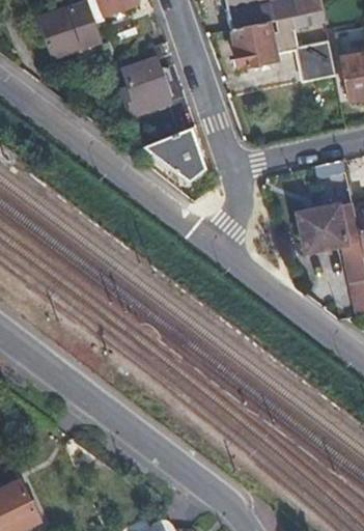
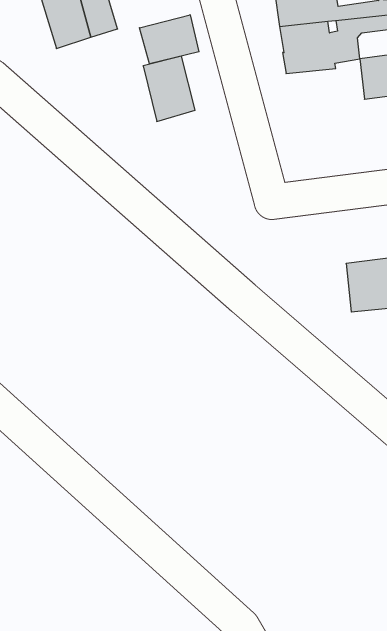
building: none -> [139,15,199,64]
building: [141,129,203,180] -> none

